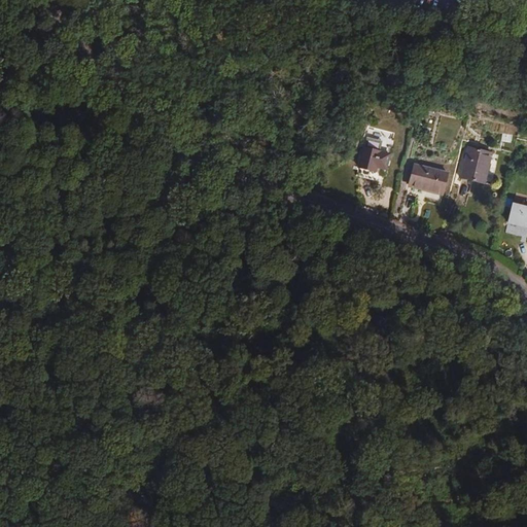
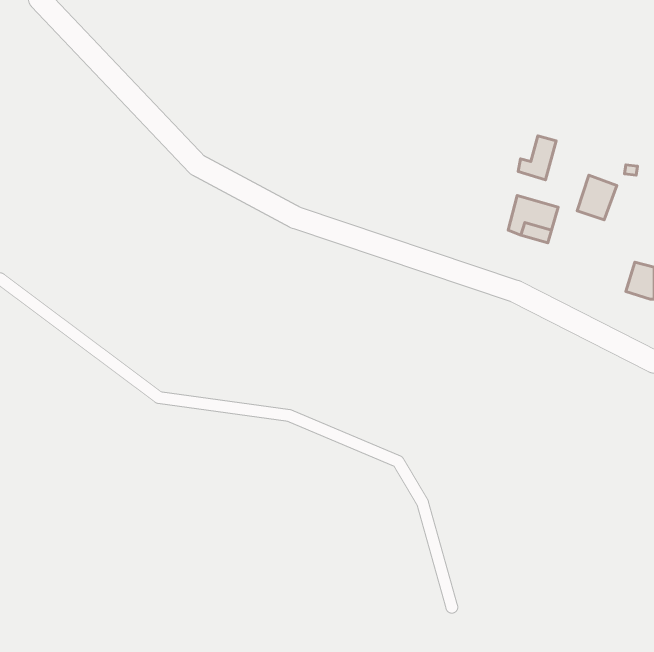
building: none -> [518,136,556,180]
building: [358,144,389,172] -> none

